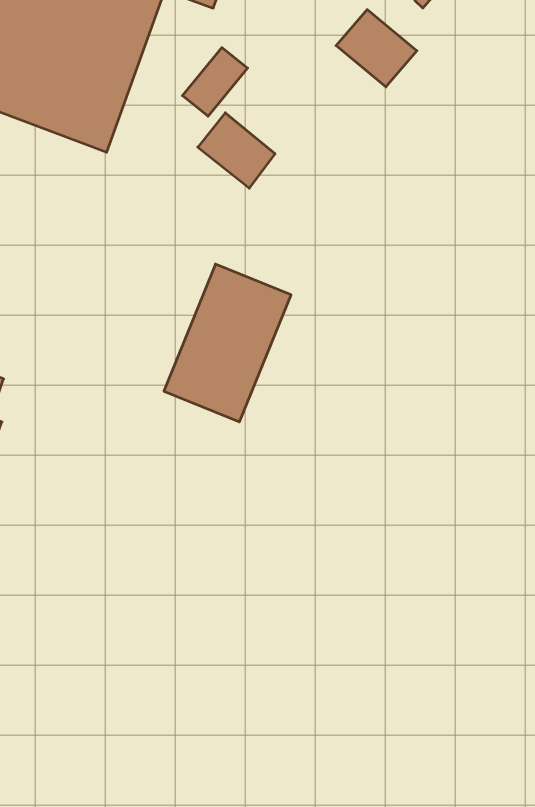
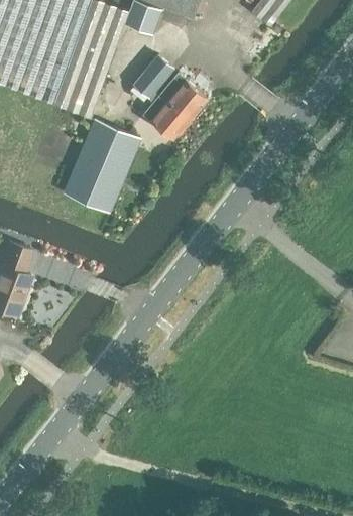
building: [336,10,417,87] -> [160,74,208,119]
building: [164,264,291,422] -> [65,120,139,213]

